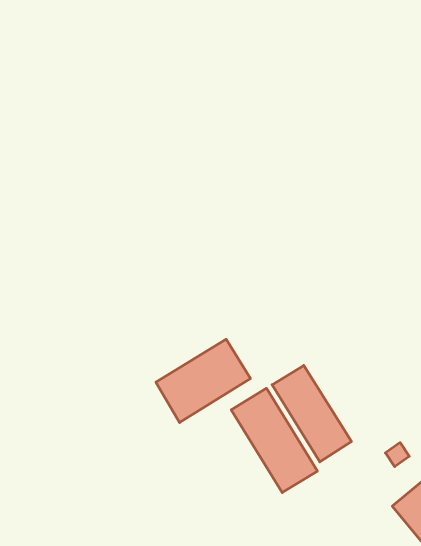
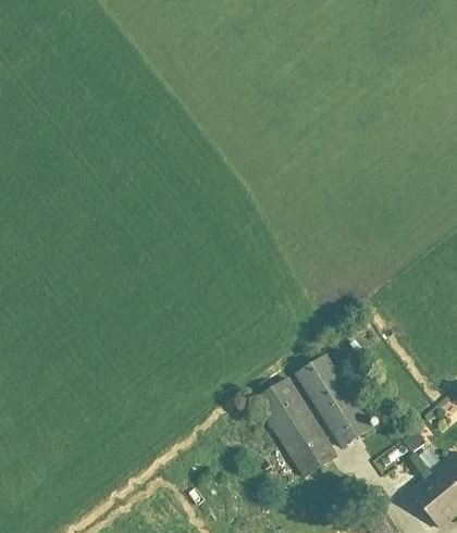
building: [156,339,250,423] -> none

